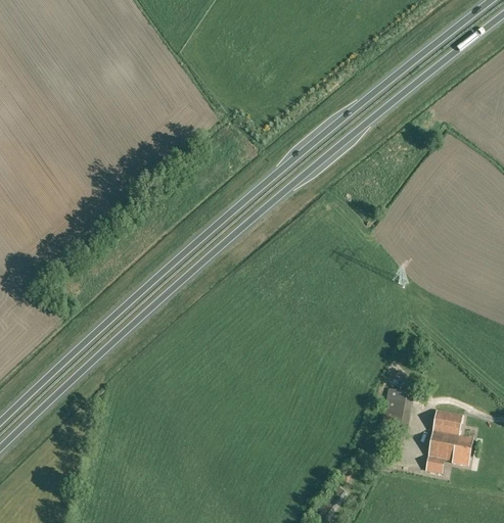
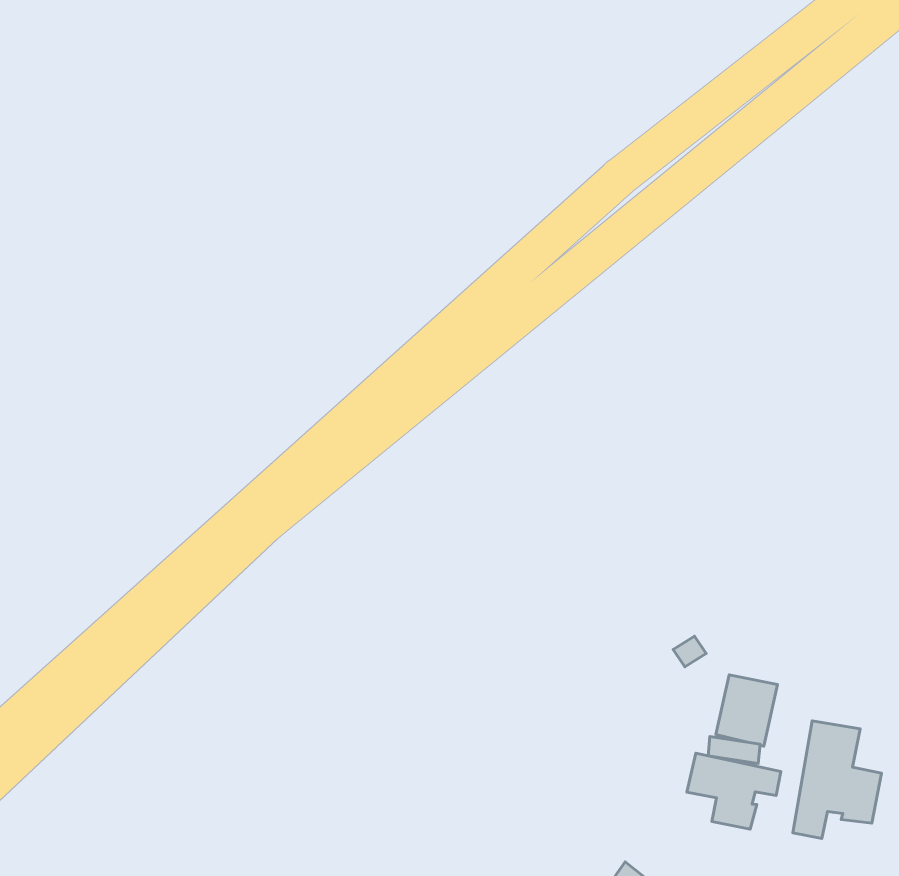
building: none -> [687,753,781,829]

